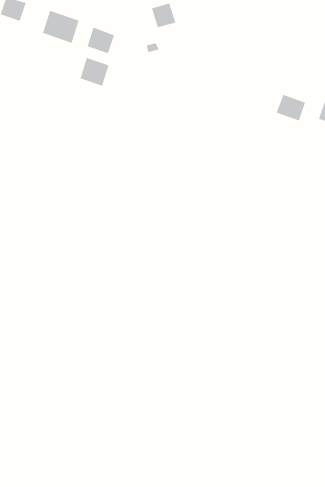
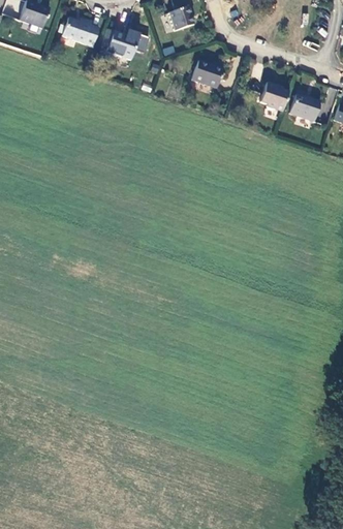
building: [80,57,109,86] -> none
building: none -> [191,59,222,87]
building: none -> [261,81,291,113]

